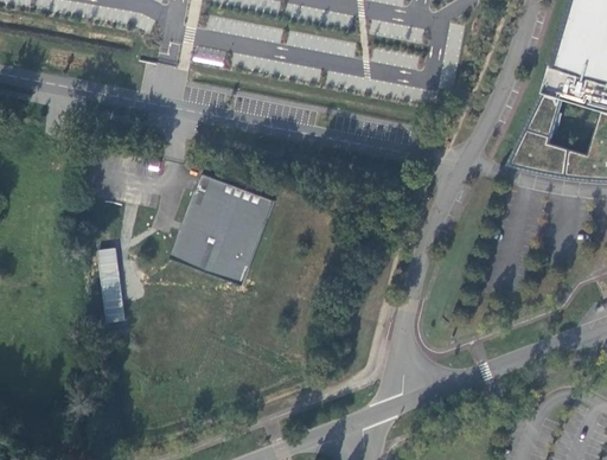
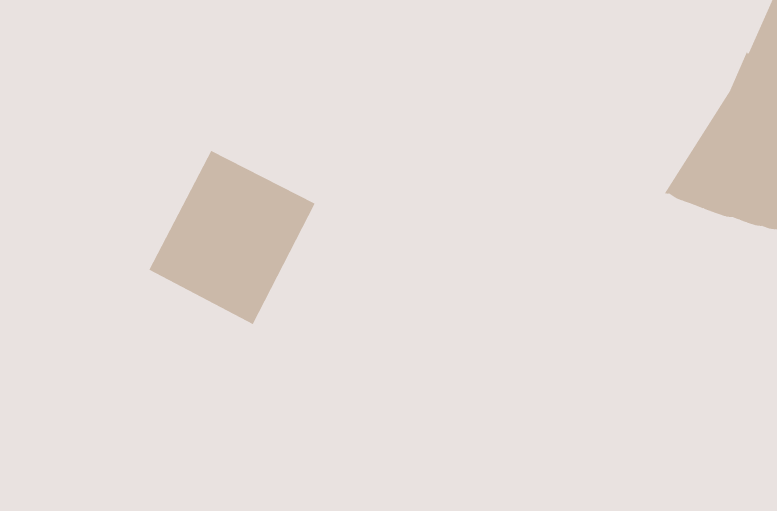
building: [96,244,124,319] -> none

